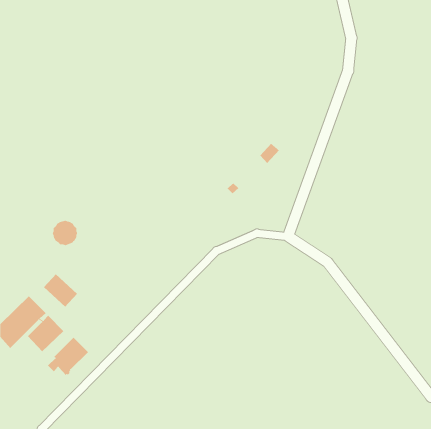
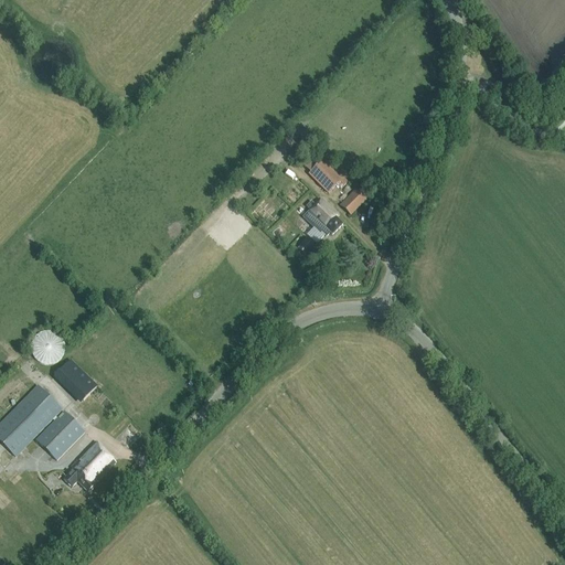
building: none -> [308,158,341,191]
building: none -> [302,198,342,235]
building: [52,220,78,246] -> [30,330,64,364]

